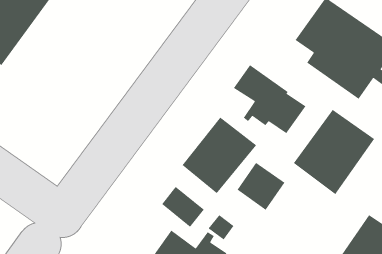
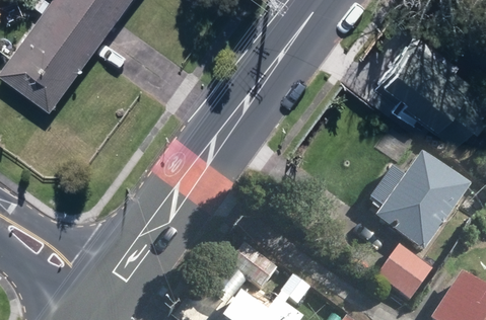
building: [233,64,306,134] -> none
building: [182,117,257,194] -> none
building: [237,162,286,211] -> [378,244,433,299]

